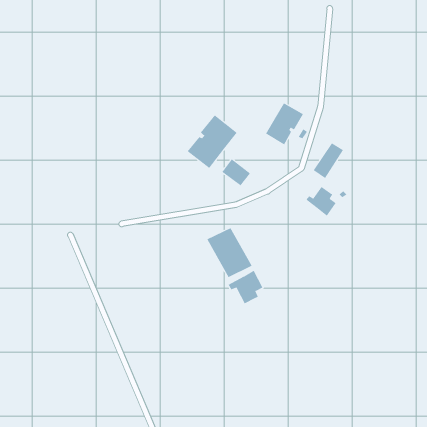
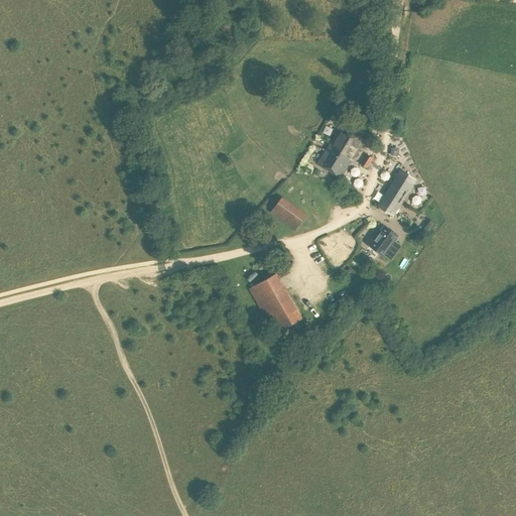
building: [187,114,237,169] -> none
building: [228,270,263,304] -> none

